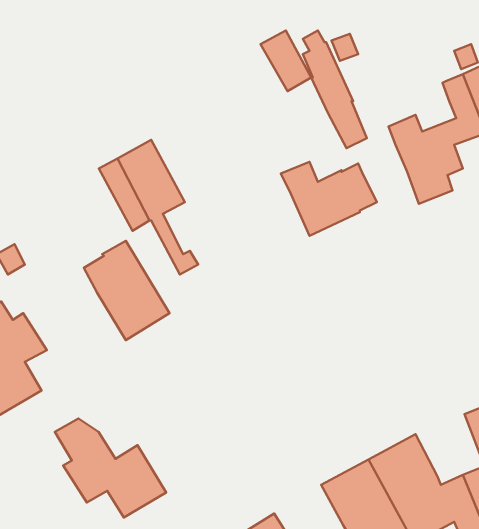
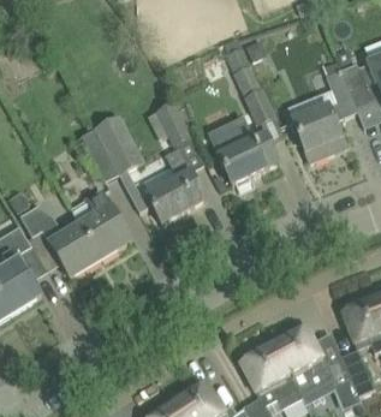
building: [261,31,311,91] -> [154,101,190,144]
building: none -> [145,148,206,222]
building: [55,418,166,518] -> [20,205,100,276]

